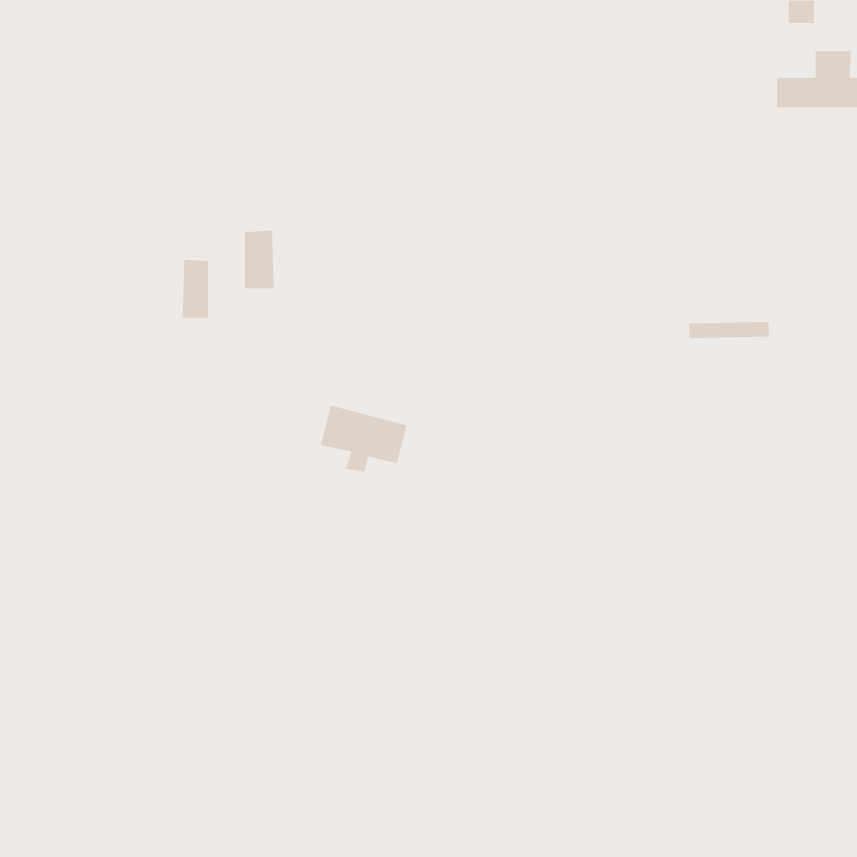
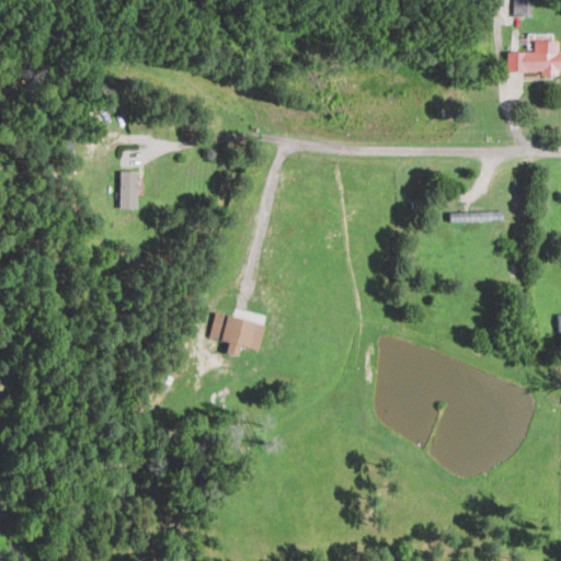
building: [245,230,274,289] -> none
building: [320,405,408,472] -> [209,312,266,356]

